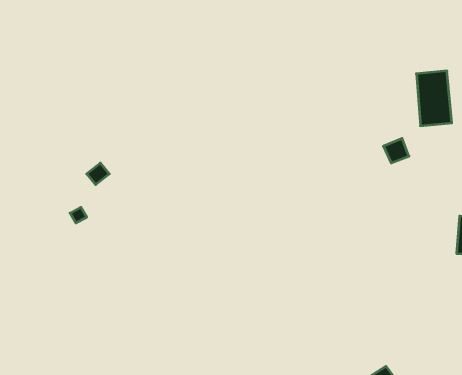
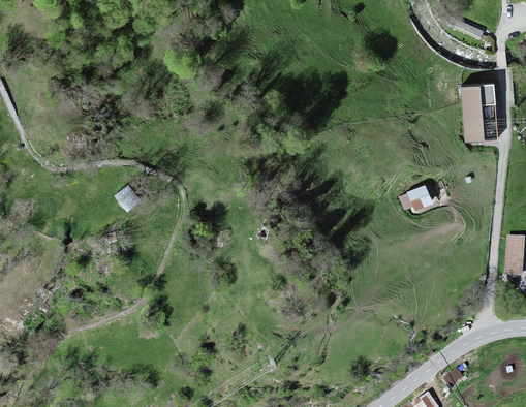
building: [383,138,409,163] -> [406,184,433,210]

